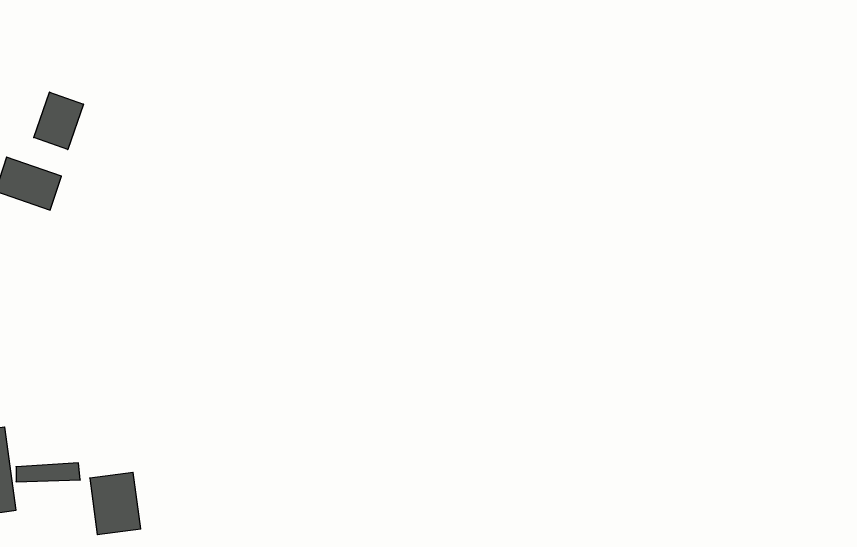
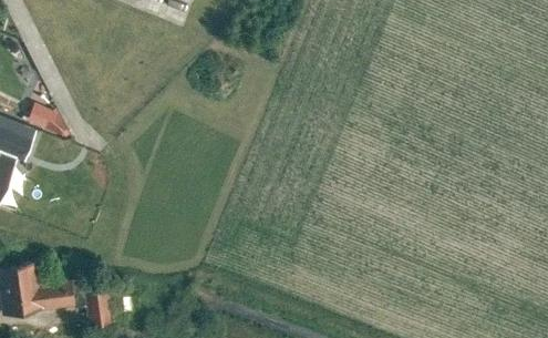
building: [34,92,83,150] -> none

